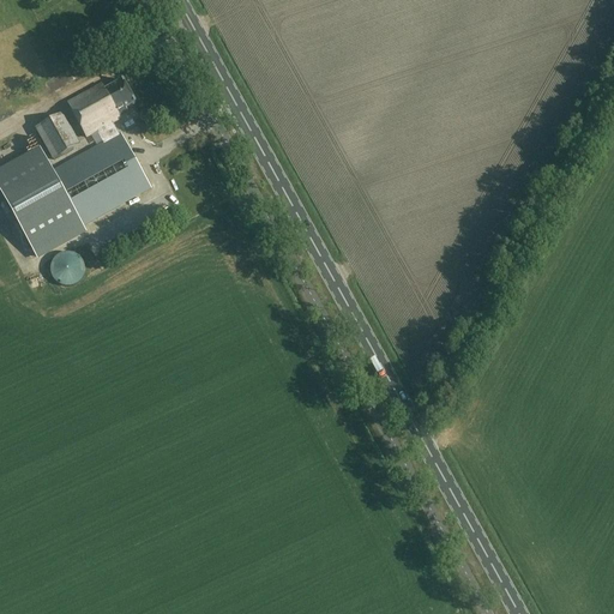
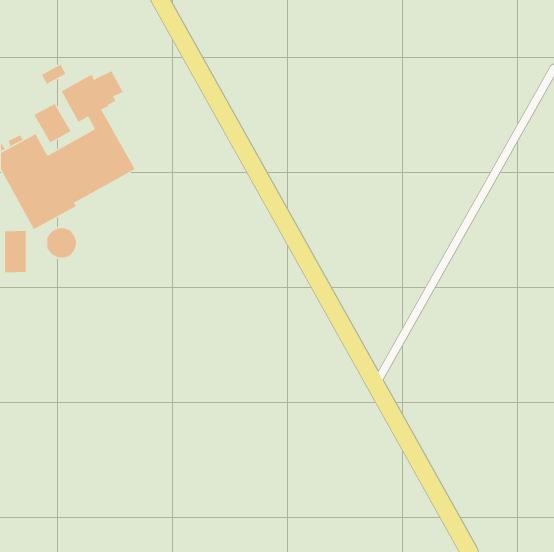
building: none -> [4,230,26,273]

